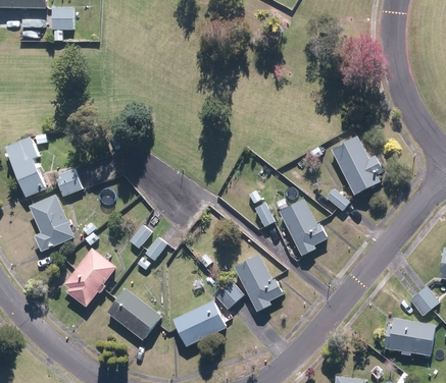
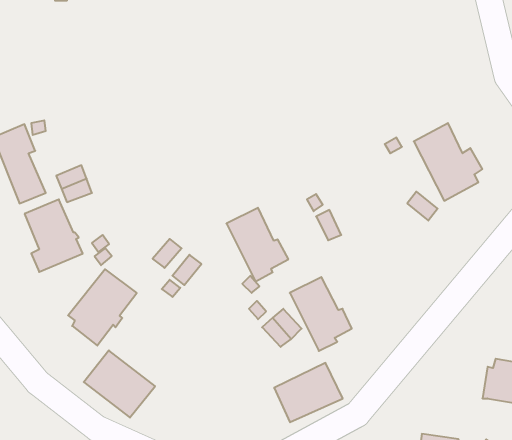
building: [280,199,328,256] -> [226,208,288,282]
building: [107,288,162,340] -> [84,350,155,418]
building: [174,300,227,346] -> [274,363,343,422]

